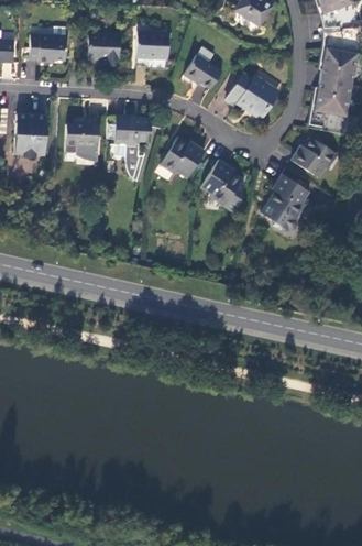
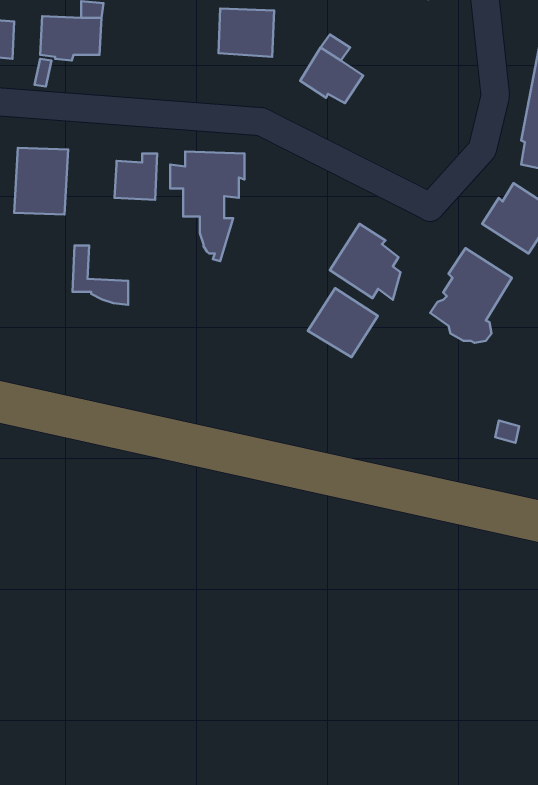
building: [88,34,119,65] -> none
building: [227,74,278,118] -> none
building: [65,124,98,160] -> [73,246,128,305]
building: [162,136,206,177] -> none
building: none -> [308,288,378,357]

